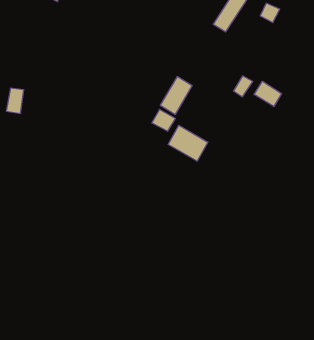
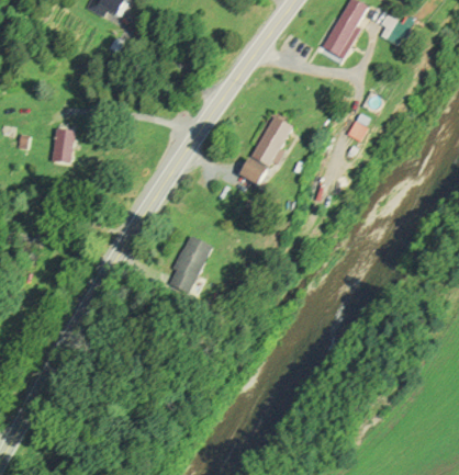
building: [254,81,281,107] -> none
building: [168,125,208,161] -> none
building: none -> [165,233,212,292]

